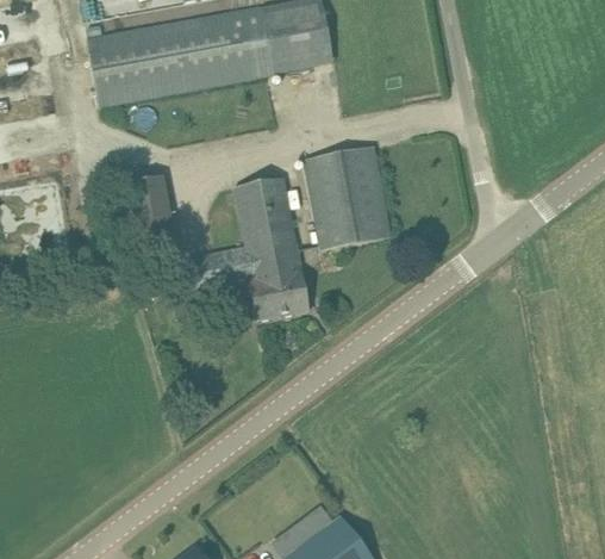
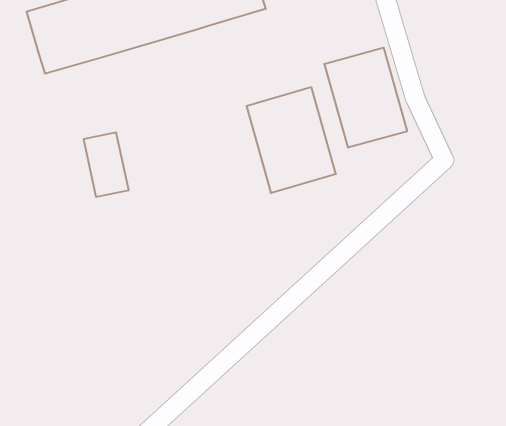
building: none -> [324,48,407,148]
building: [183,178,308,321] -> none

